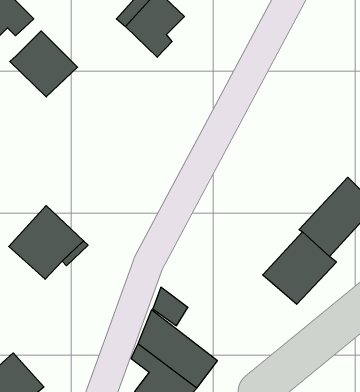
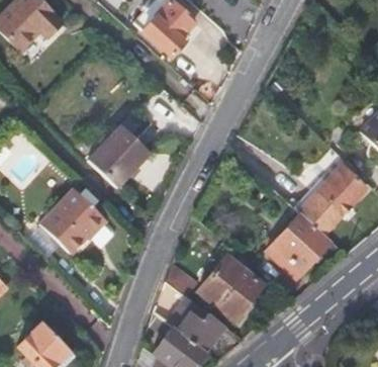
building: [10,31,78,97] -> none
building: none -> [88,125,151,189]
building: none -> [197,255,263,320]

